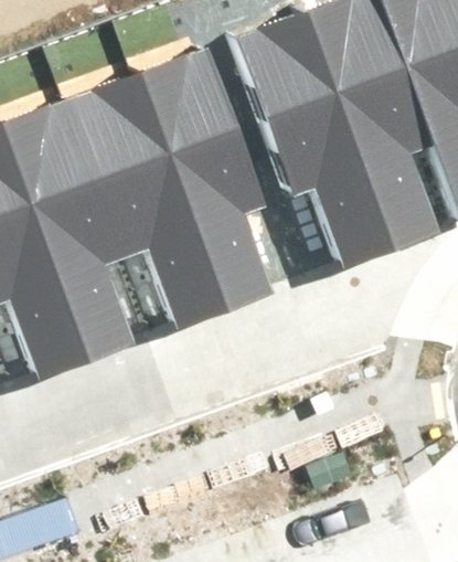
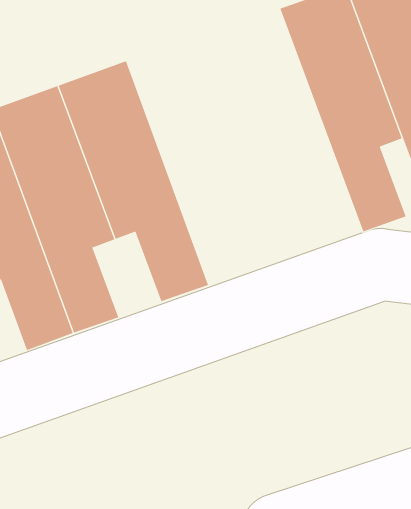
building: [233,14,393,271] -> none
building: [142,44,276,308] -> none

